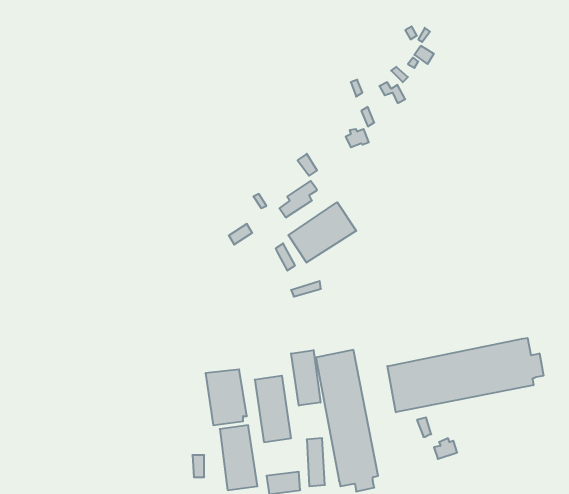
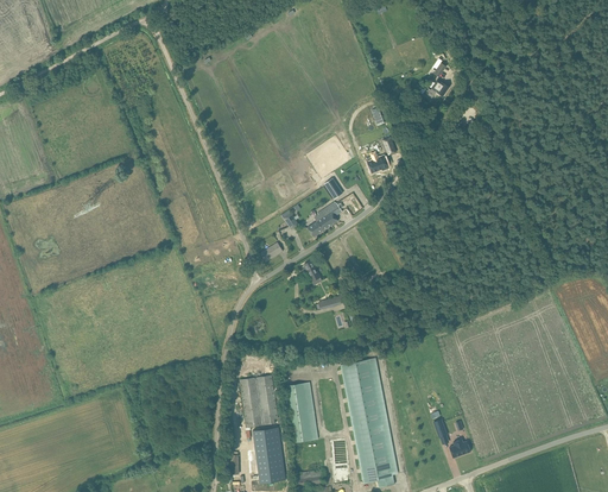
building: [288,202,356,263] -> none
building: [387,338,543,412] -> none
building: [291,350,320,406] -> none

